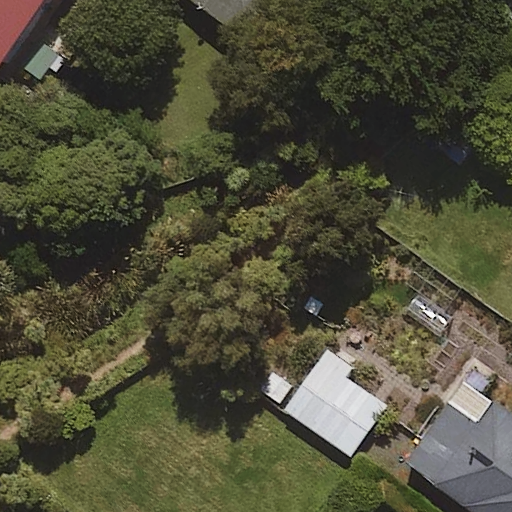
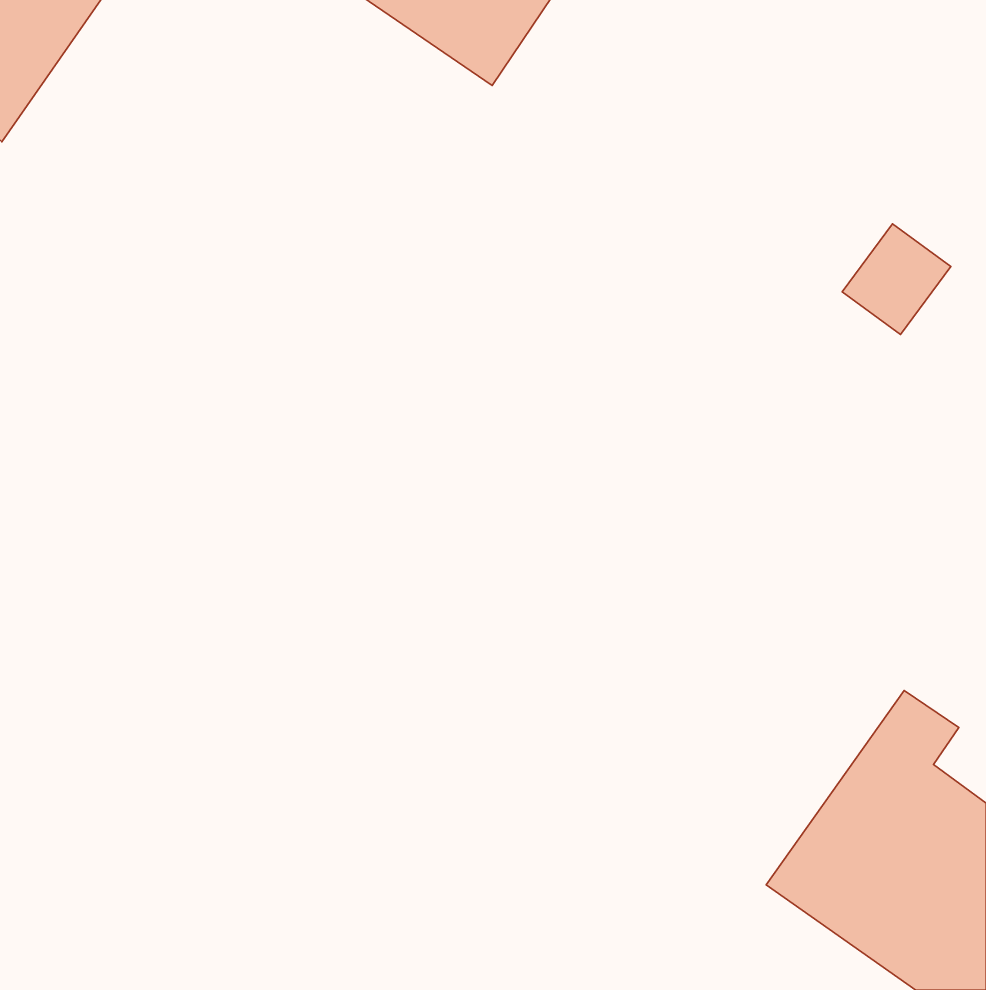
building: [284,345,386,457] -> none

